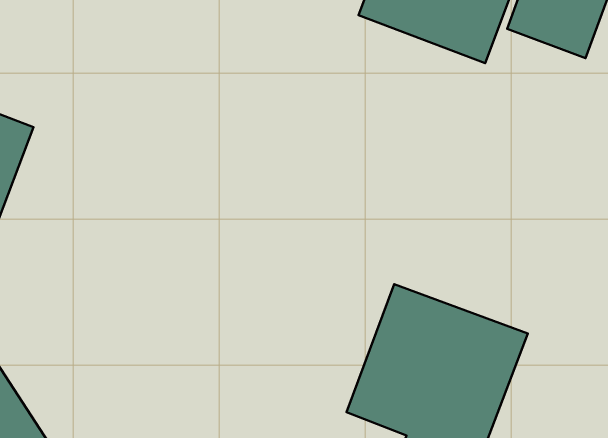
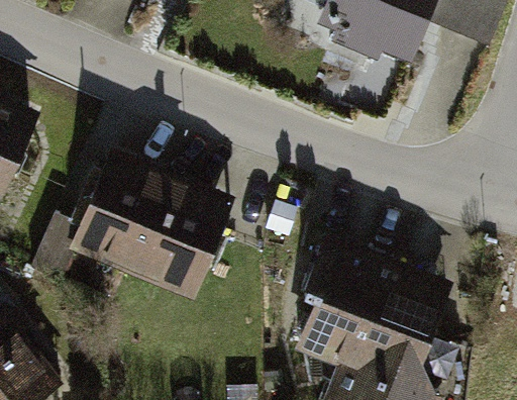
building: none -> [74,162,223,302]

